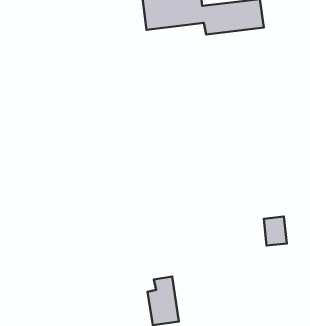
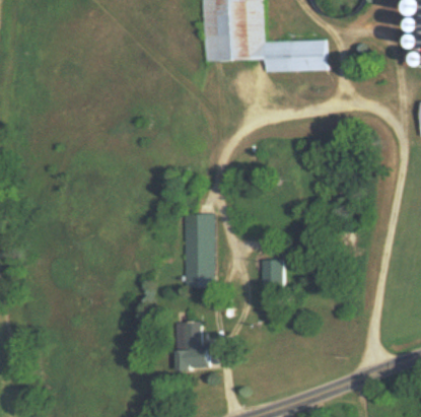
building: none -> [184,212,213,286]
building: [264,217,287,246] -> [262,259,283,287]

